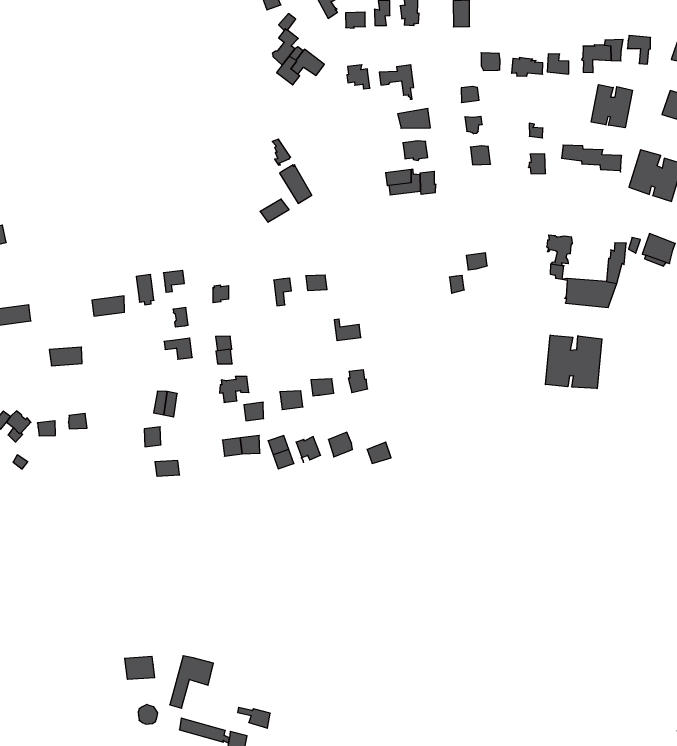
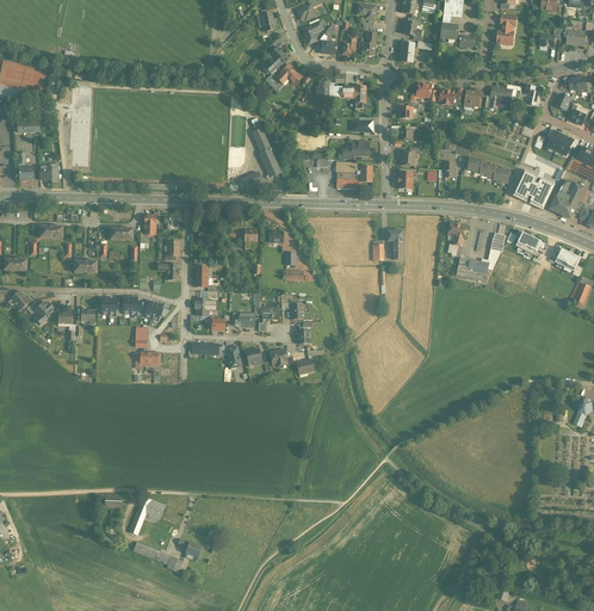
building: [591,85,632,128] -> none
building: [545,335,602,389] -> none

